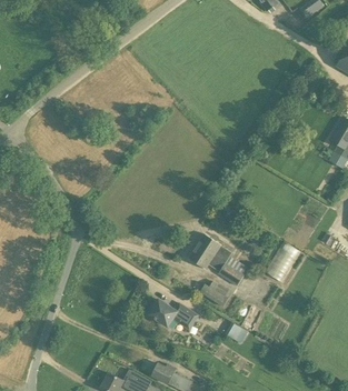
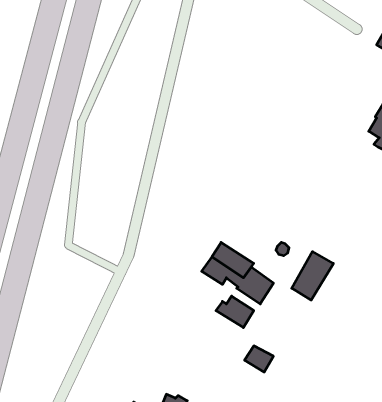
building: [147,300,197,329] -> none

